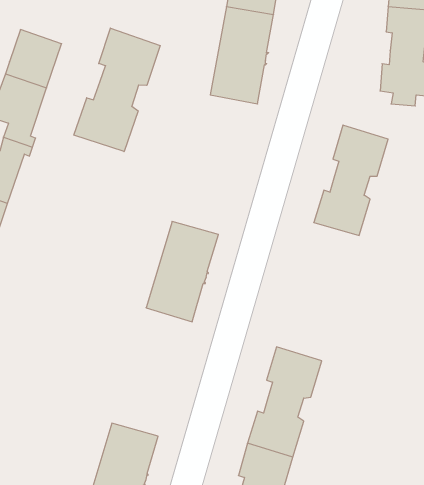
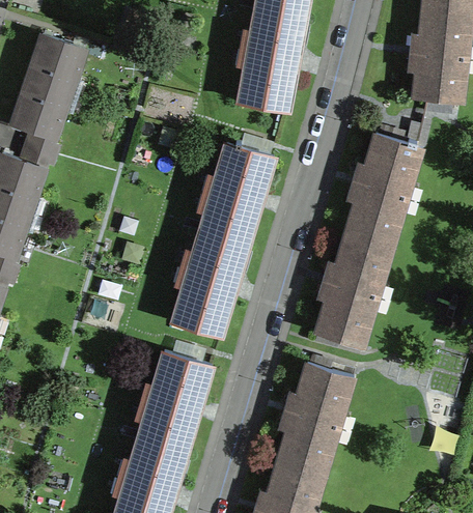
building: [74,28,160,152] -> none
building: none -> [198,142,273,246]
building: none -> [314,233,391,346]
building: none -> [136,351,211,454]

